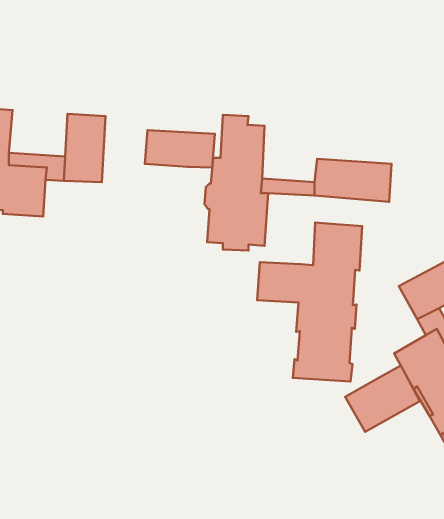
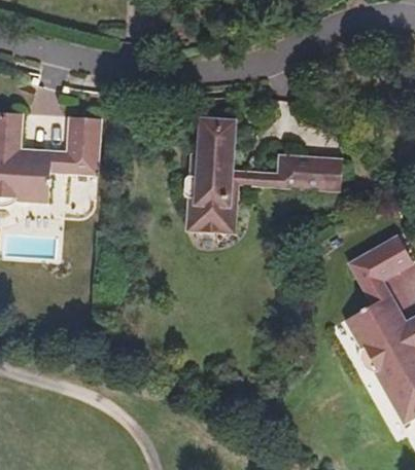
building: [145,130,215,167] -> none
building: [257,223,362,382] -> none
building: [345,366,420,432] -> none

